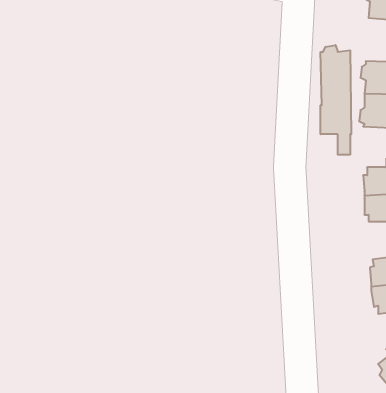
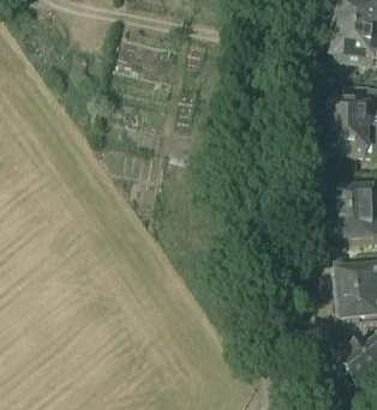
building: [321,45,351,155] -> none

